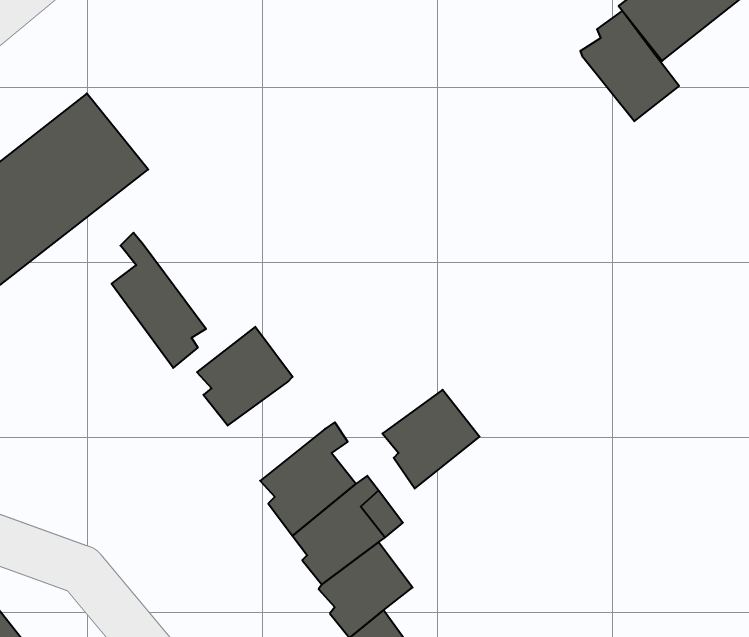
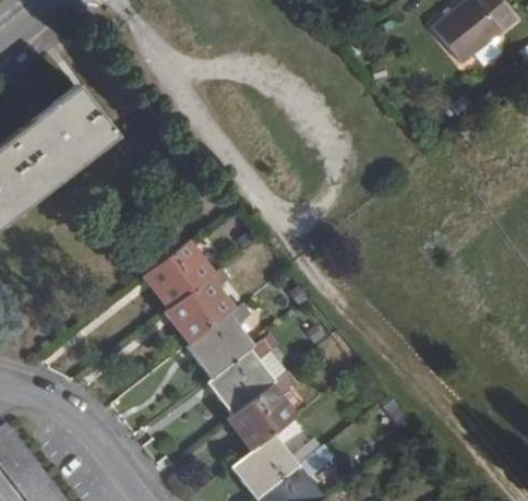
building: [580,11,679,121] -> none
building: [112,233,206,368] -> none
building: [382,390,480,489] -> [170,282,236,348]

